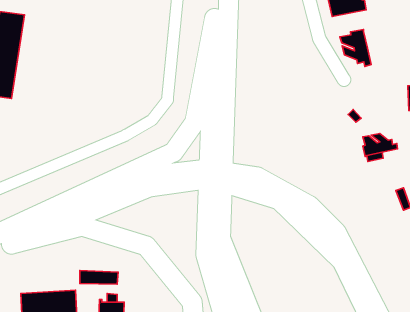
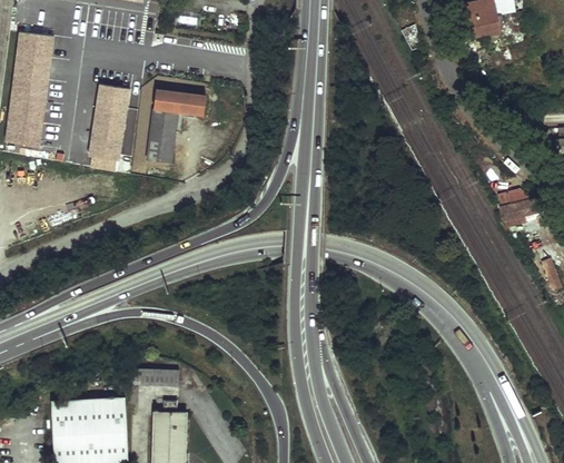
building: [340,29,371,66] -> none
building: none -> [89,83,129,160]
building: none -> [147,89,205,162]

